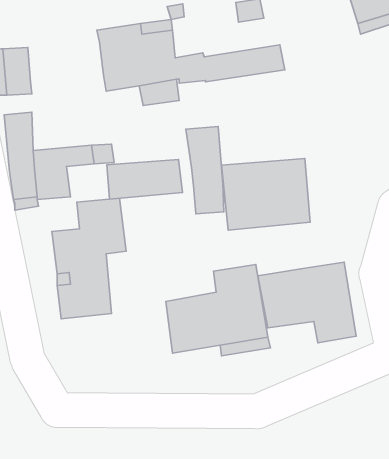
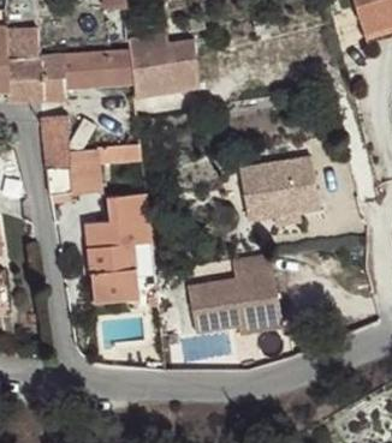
building: [186,127,224,214] -> none
building: [107,159,182,199] -> [63,50,131,86]
building: [258,262,356,343] -> none

